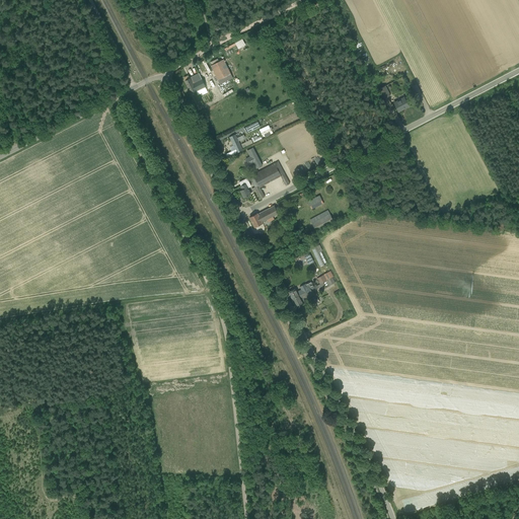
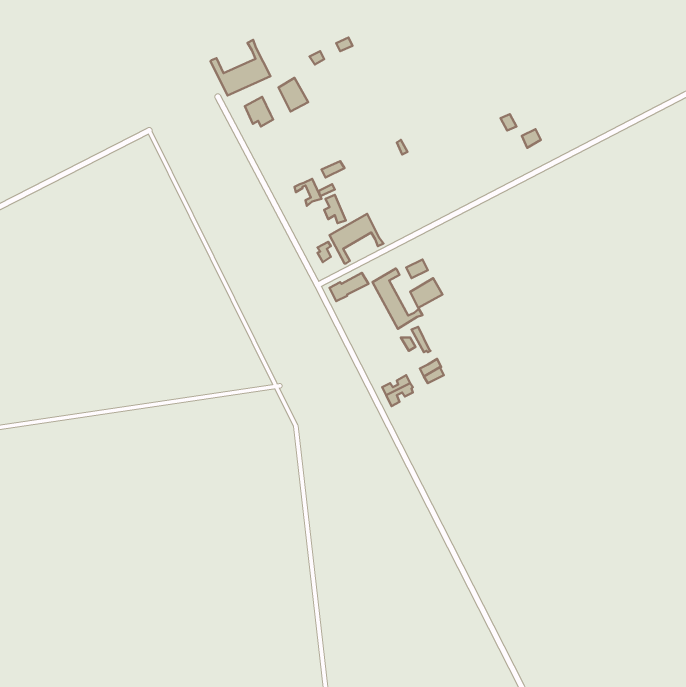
building: none -> [211,40,270,95]
building: none -> [373,269,423,329]

